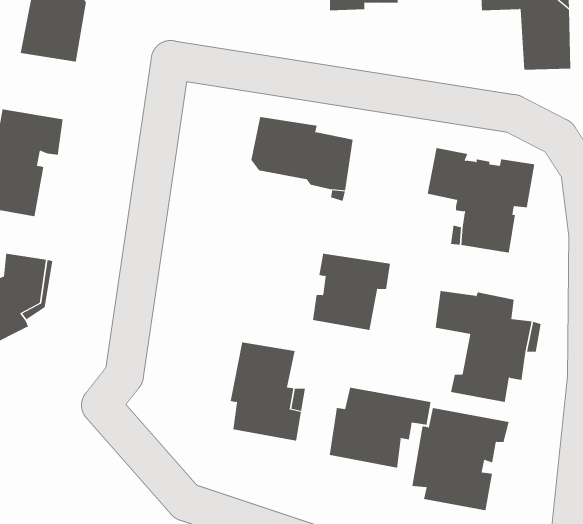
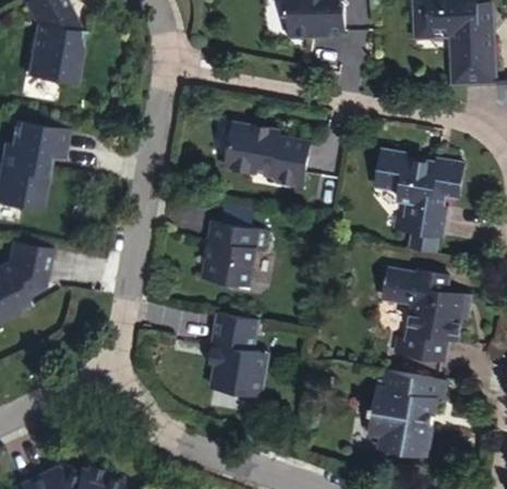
building: [312,253,391,331] -> [201,221,267,286]
building: [329,387,431,468] -> none

